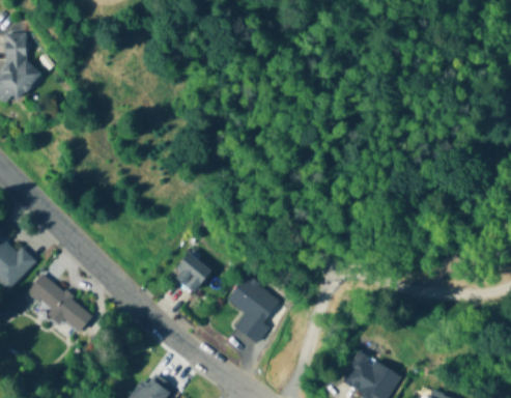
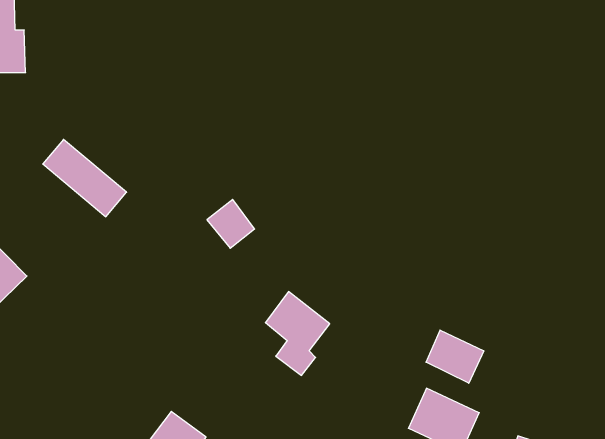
building: [171,252,209,291] -> [207,199,255,248]
building: [25,273,92,335] -> [43,139,127,217]
building: none -> [426,330,484,383]

